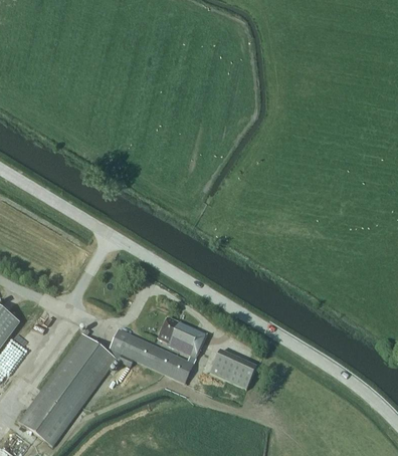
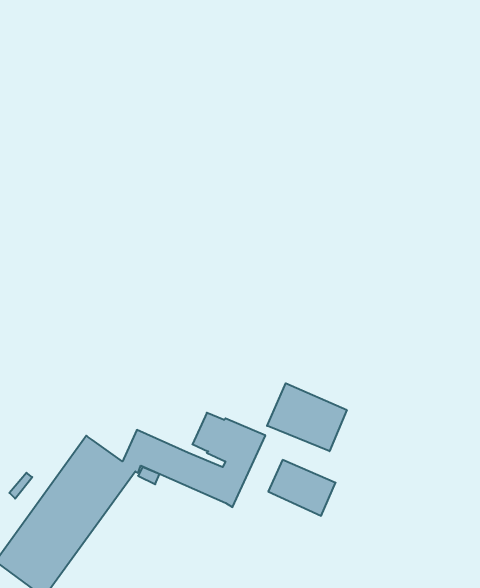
building: none -> [267,383,347,451]

